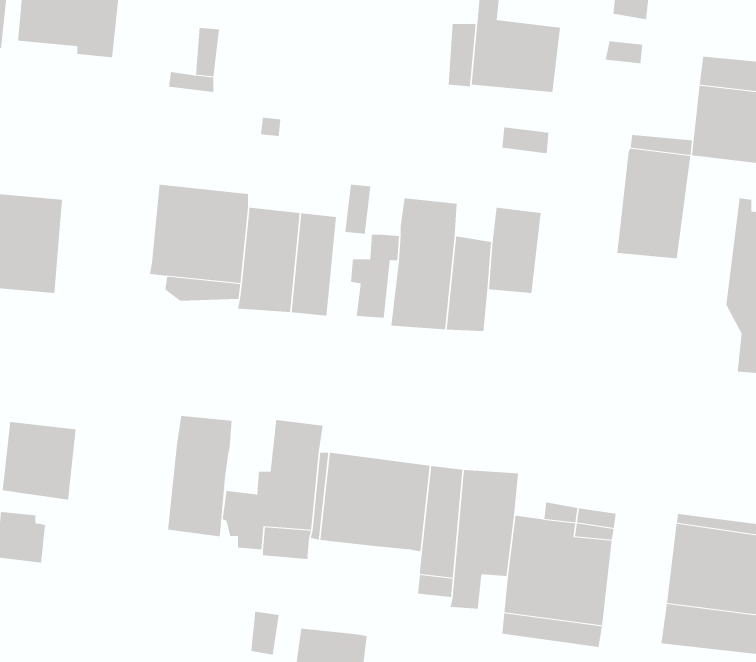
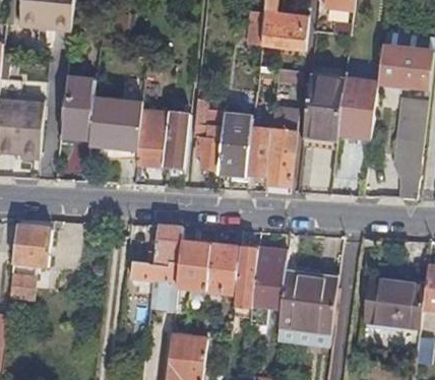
building: none -> [61,77,98,140]
building: none -> [304,77,345,140]
building: none -> [266,154,294,193]
building: [168,415,232,537] -> none

